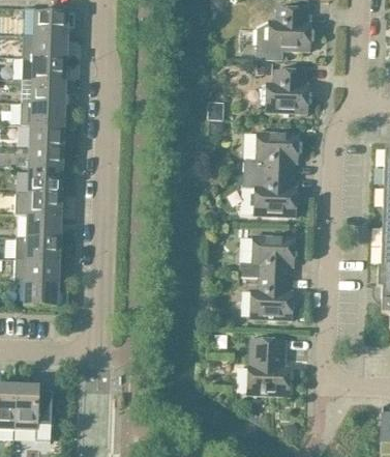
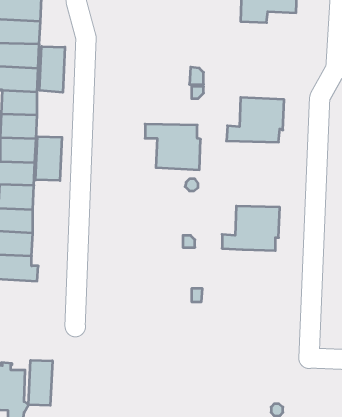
building: [263,69,308,112] -> none
building: none -> [40,46,65,92]
building: none -> [36,137,62,181]
building: [244,172,297,216] -> [145,124,201,170]
building: [250,276,293,318] -> none
building: [247,338,290,395] -> none
building: none -> [28,360,52,405]

